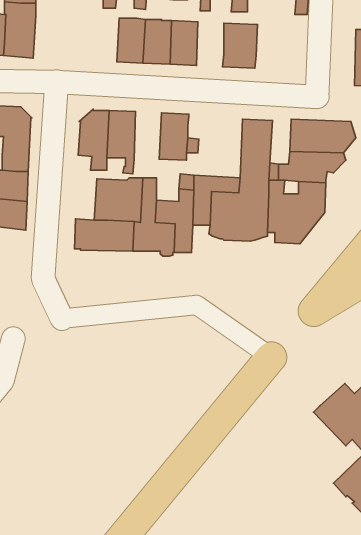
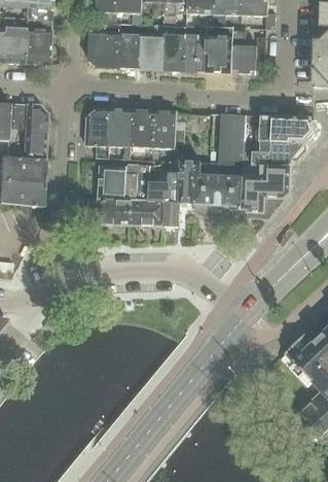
building: none -> [230,27,264,73]
building: none -> [88,29,118,67]
building: none -> [182,33,205,71]
building: none -> [131,108,153,147]

